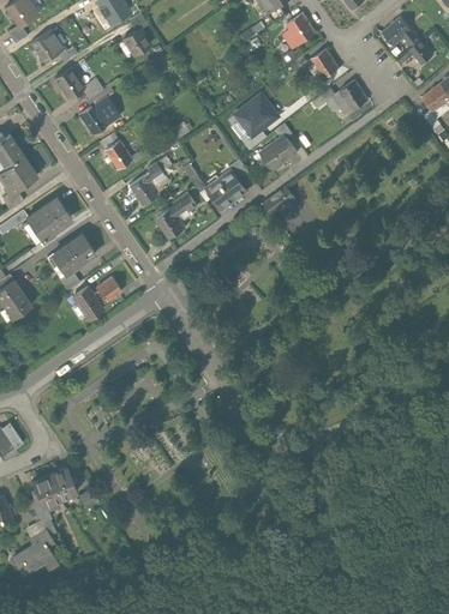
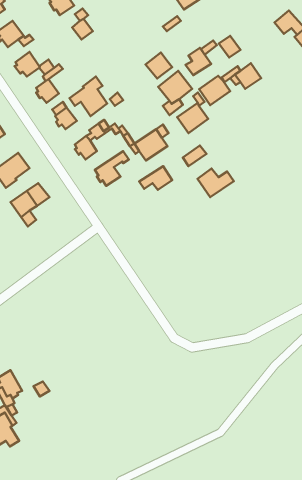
building: [282,12,315,47] -> [186,48,211,75]
building: none -> [145,52,172,79]
building: none -> [199,76,230,105]
building: none -> [69,77,107,116]
building: none -> [139,166,172,190]
building: none -> [197,169,234,197]
building: [70,278,119,320] -> none
building: [47,464,78,499] -> none

